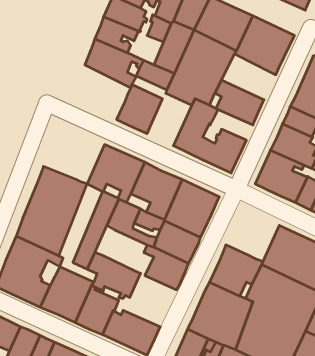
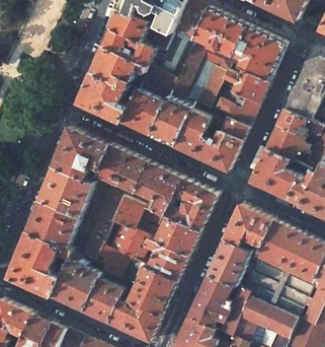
building: none -> [131,41,164,72]
building: none -> [218,62,268,105]
building: none -> [78,72,134,123]
building: none -> [149,98,190,147]
building: none -> [208,118,247,142]
building: none -> [53,128,109,183]
building: none -> [222,206,271,255]
building: none -> [108,225,149,264]
building: none -> [127,266,176,316]

